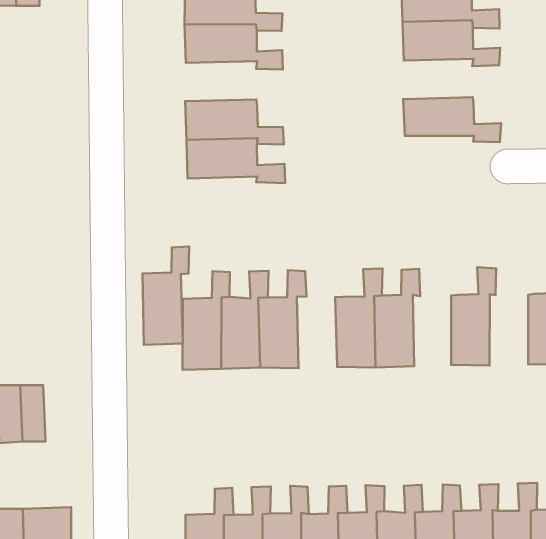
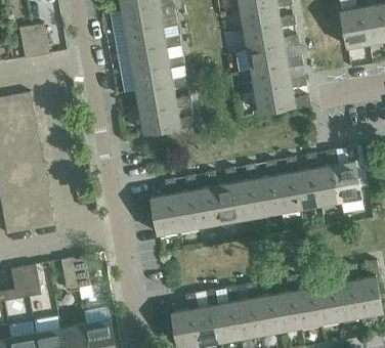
building: none -> [247,45,302,73]
building: none -> [131,66,187,93]
building: none -> [254,86,309,113]
building: [142,247,189,345] -> [211,169,239,225]
building: none -> [313,150,340,207]
building: none -> [272,158,299,214]

